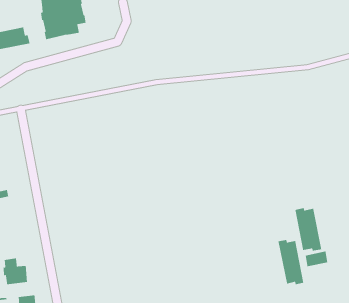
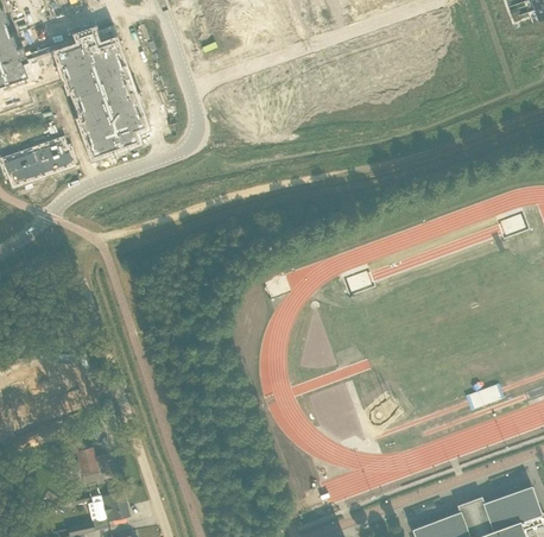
building: [294,207,322,252] -> none
building: [277,239,304,285] -> none

